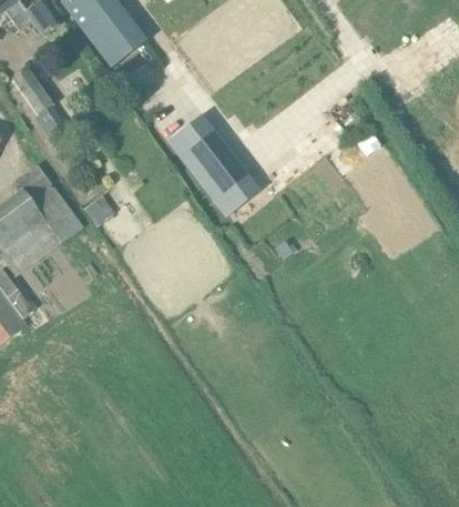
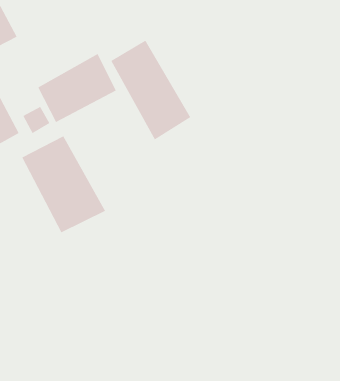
building: none -> [37,53,117,123]
building: none -> [22,136,106,233]

